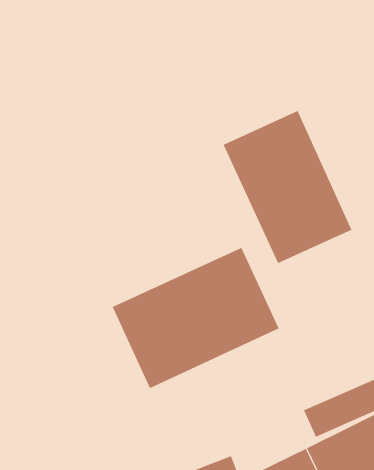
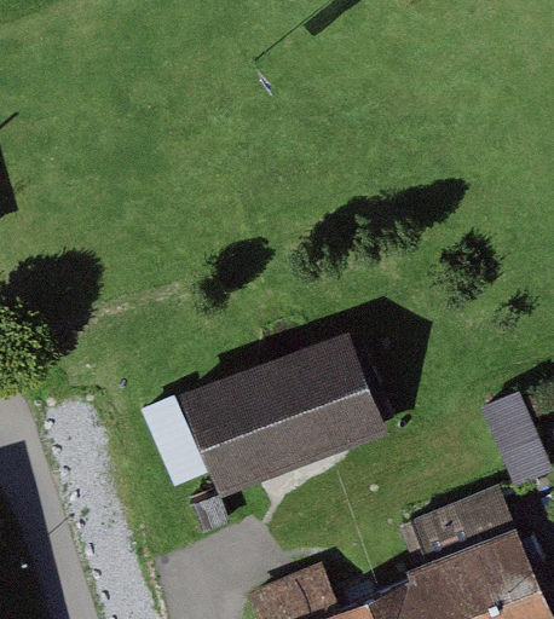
building: [223,110,352,264] -> none

